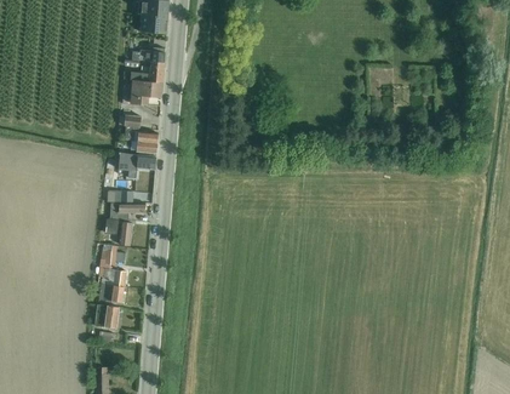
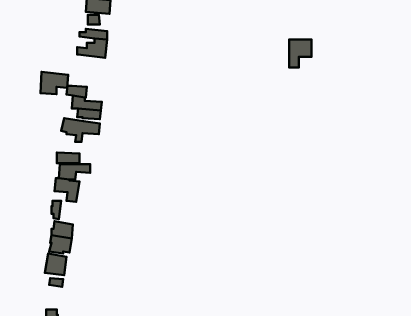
building: [131,79,162,104] -> [40,72,68,94]

